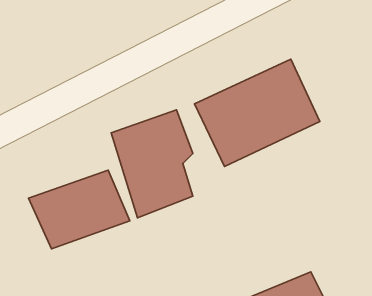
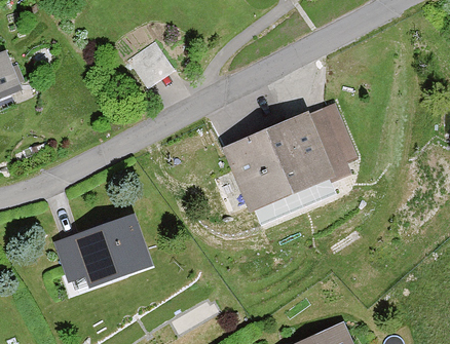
building: [111,110,193,218] -> none

